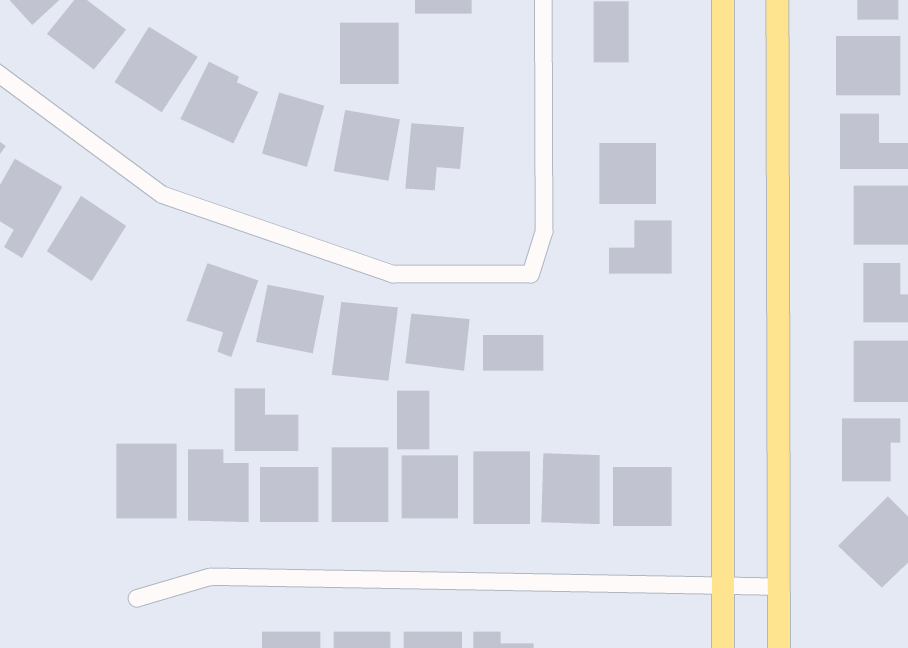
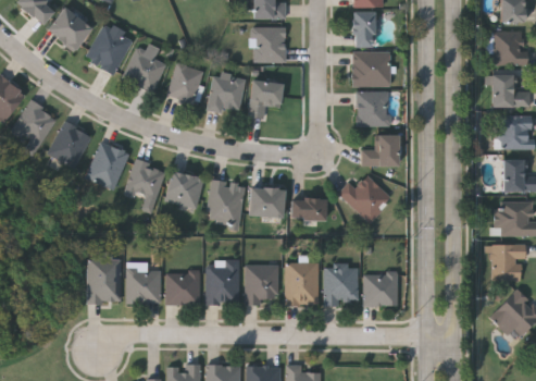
building: [339,22,399,84] -> [252,26,286,61]
building: none -> [351,50,389,86]
building: none -> [85,140,129,192]
building: none -> [338,174,392,222]
building: [234,387,299,452] -> none
building: [396,390,430,450] -> none

